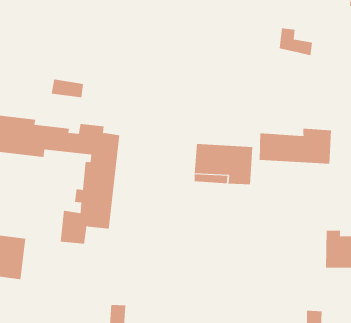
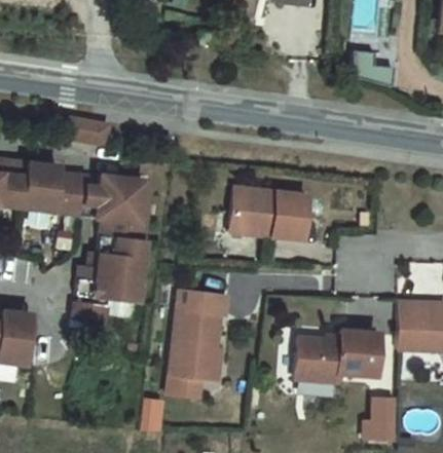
building: [259,128,332,165] -> none
building: none -> [172,288,232,383]
building: none -> [300,337,381,391]

